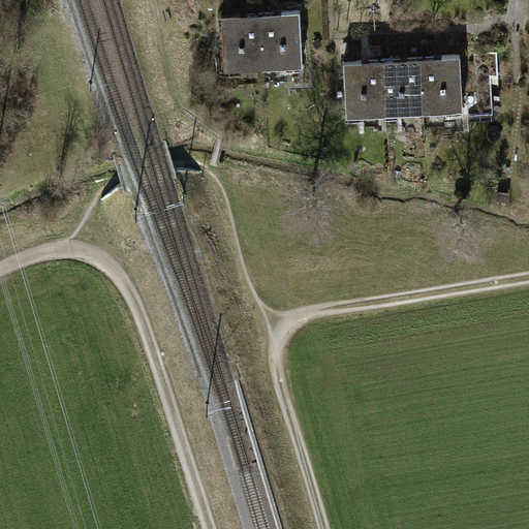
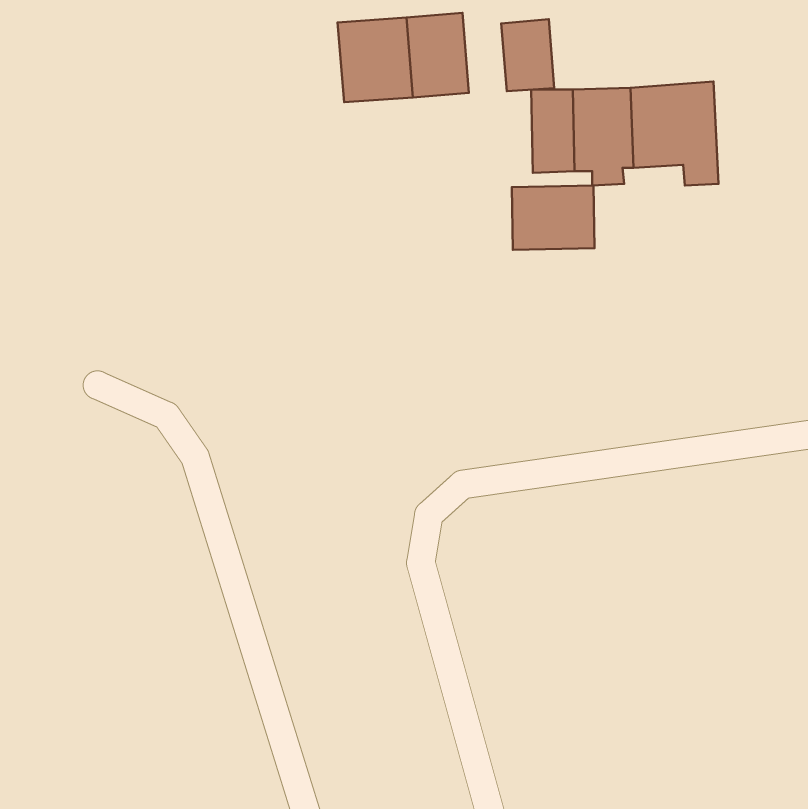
building: none -> [501,19,554,91]
building: none -> [512,185,594,250]

